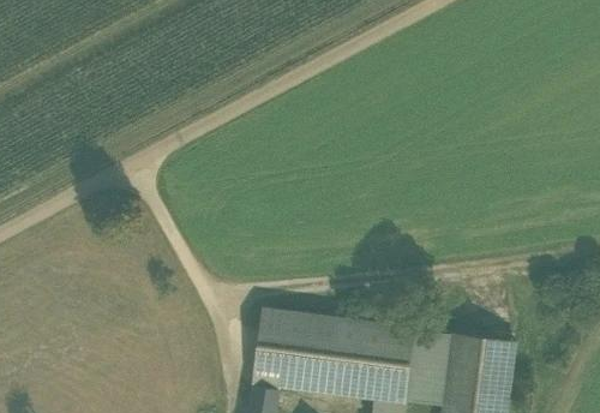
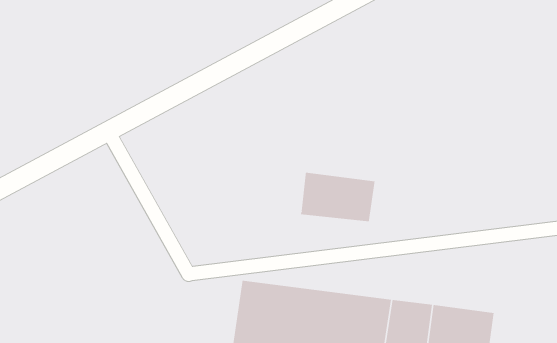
building: none -> [300,172,375,222]

